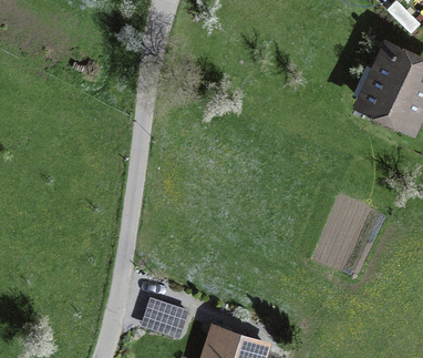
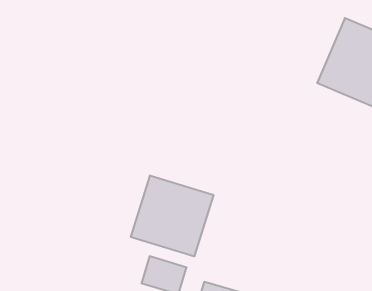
building: none -> [131,175,213,256]

